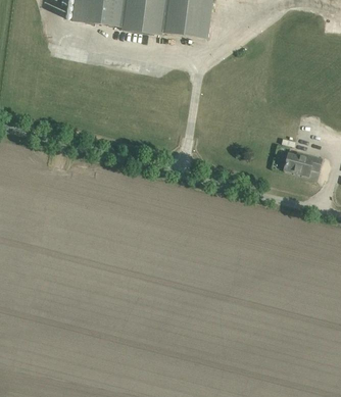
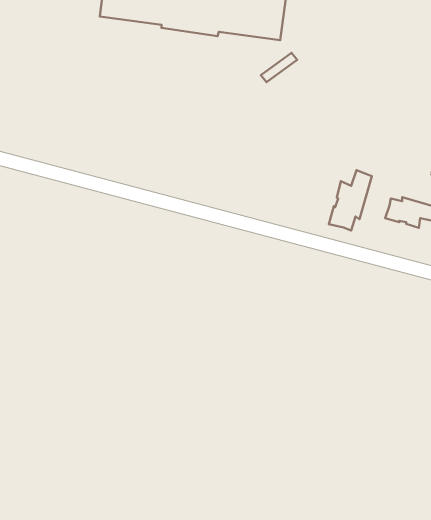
building: none -> [329,170,372,231]

